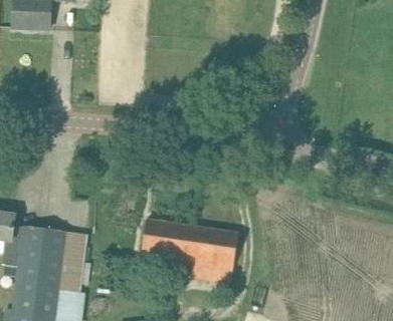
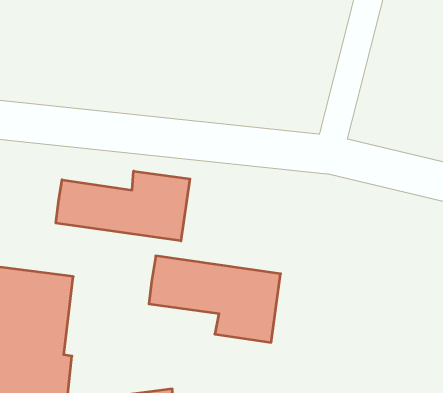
building: none -> [56,171,190,241]

